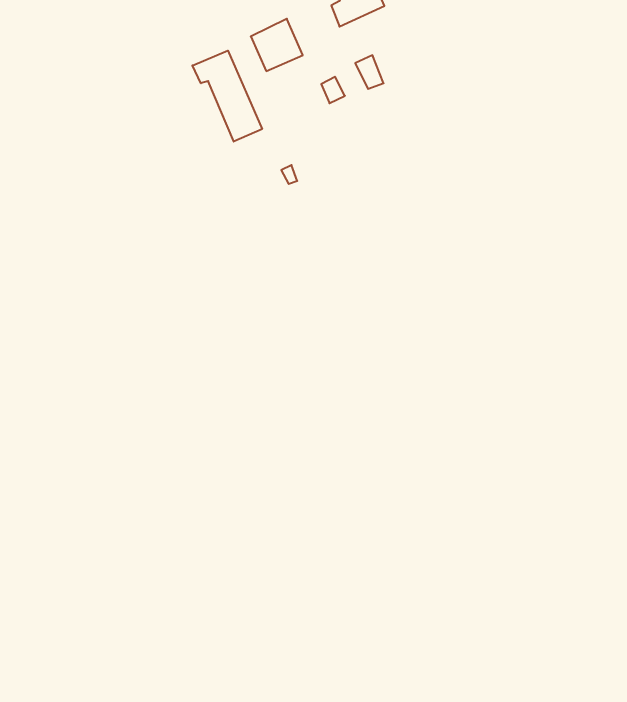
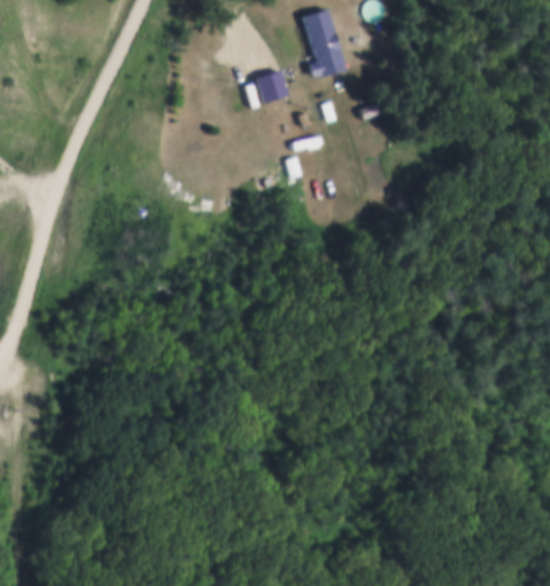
building: [192,51,262,142] -> none

